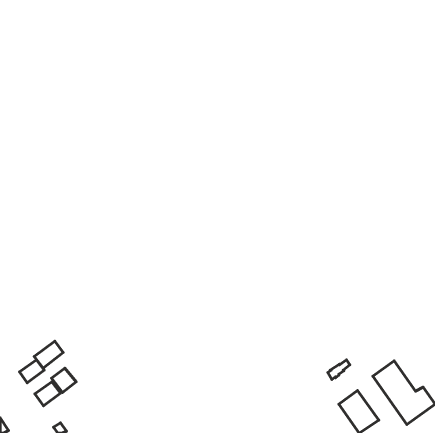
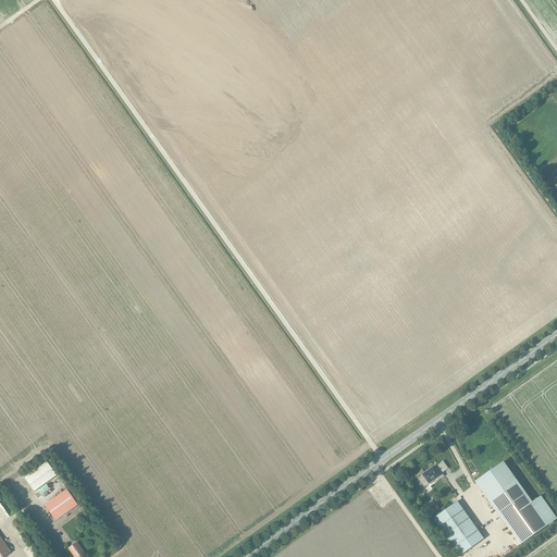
building: [34,341,63,368] -> none
building: [52,368,76,392] -> none

